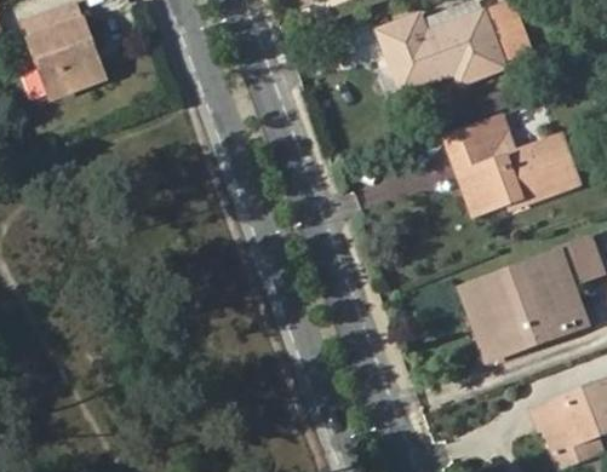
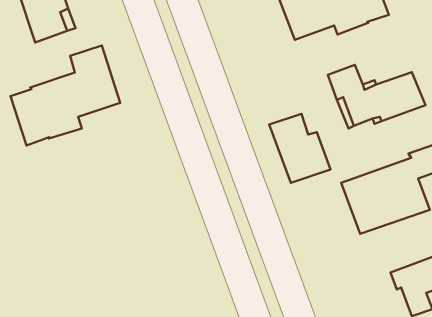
building: none -> [11,45,120,145]
building: none -> [269,114,330,183]

